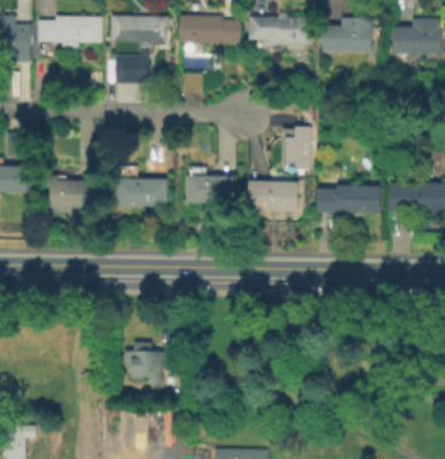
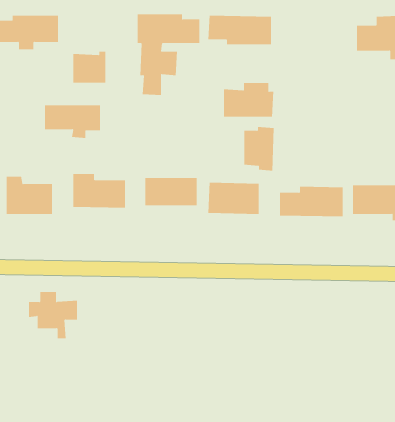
building: [111,17,167,50] -> [44,105,101,138]
building: [322,19,371,53] -> [223,83,274,117]
building: [123,341,172,387] -> [28,292,78,339]

